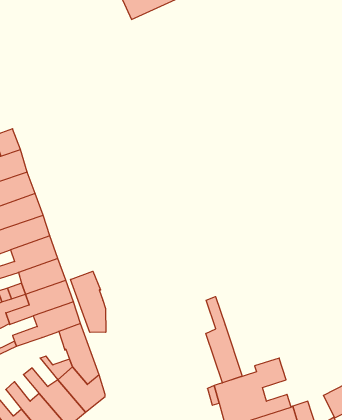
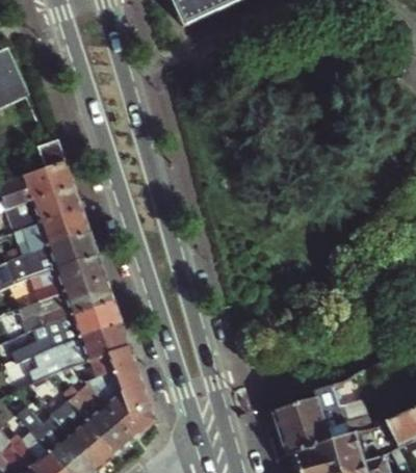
building: [71,271,106,332] -> none
building: [206,297,242,383] -> none

